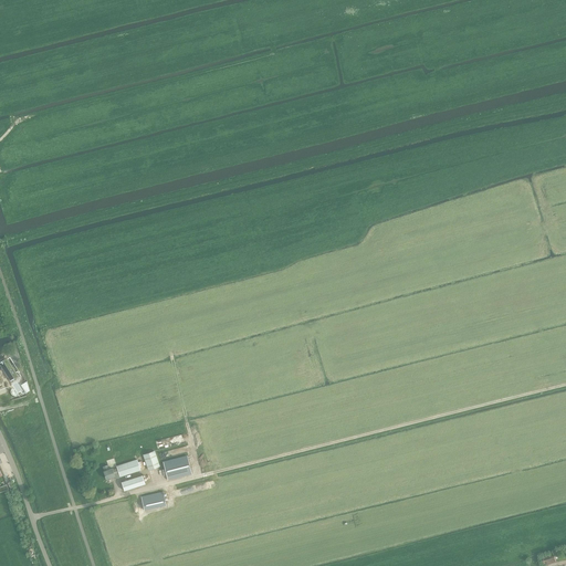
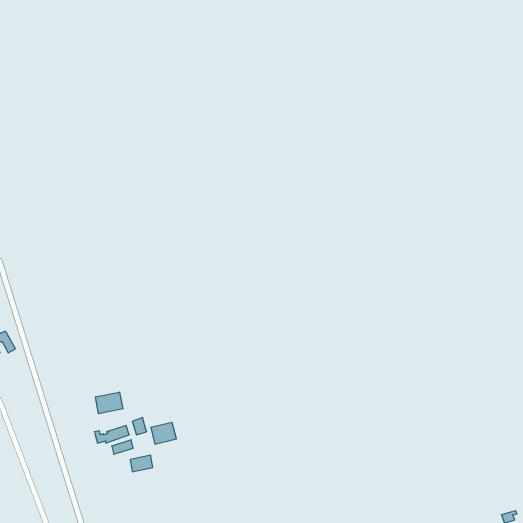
building: none -> [95,392,123,414]

